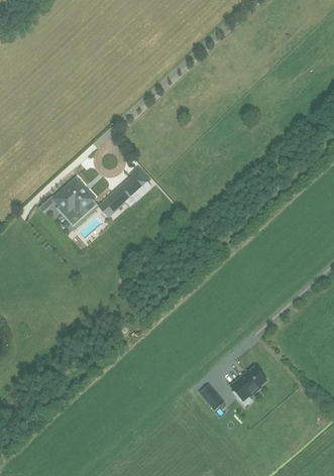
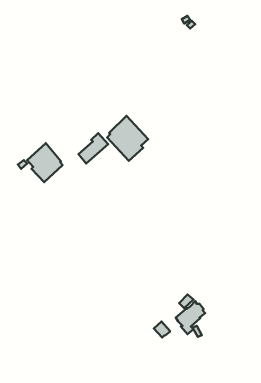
building: none -> [107,116,148,161]

